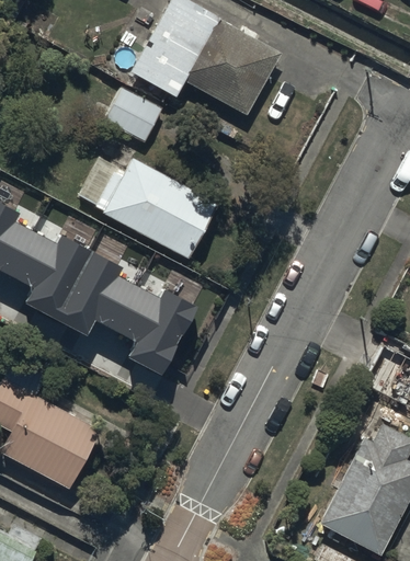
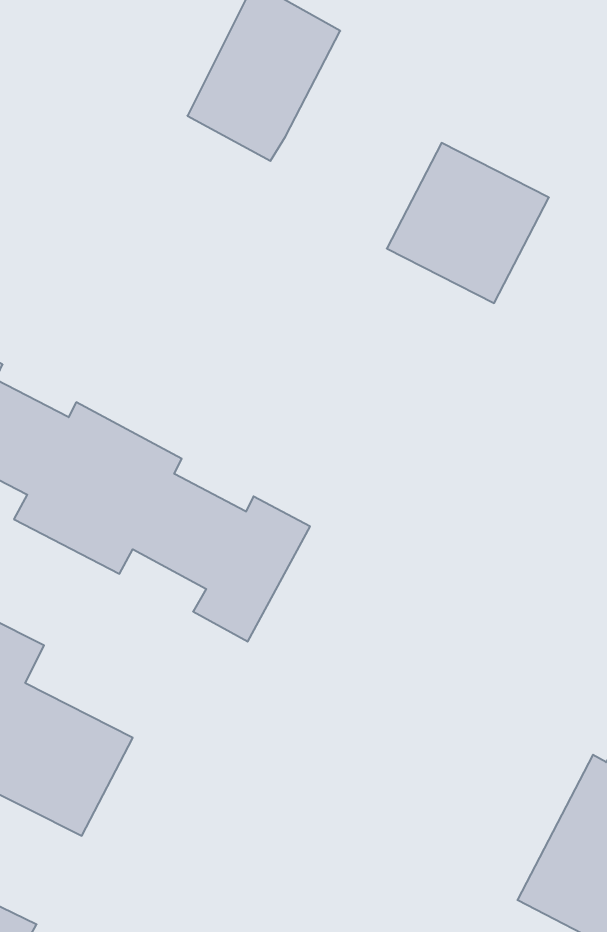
building: [186,20,281,113] -> [387,143,549,303]
building: [106,88,163,141] -> none
building: [82,158,217,260] -> none

